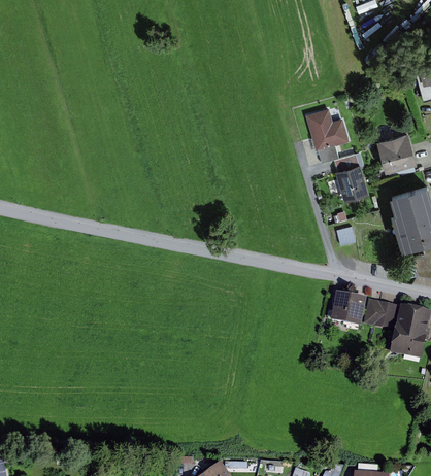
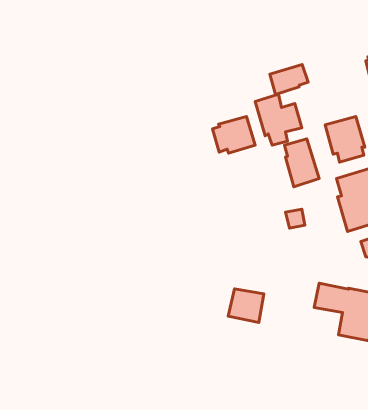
building: none -> [270,65,308,95]
building: none -> [213,117,255,153]
building: [329,293,365,327] -> [228,289,264,322]

